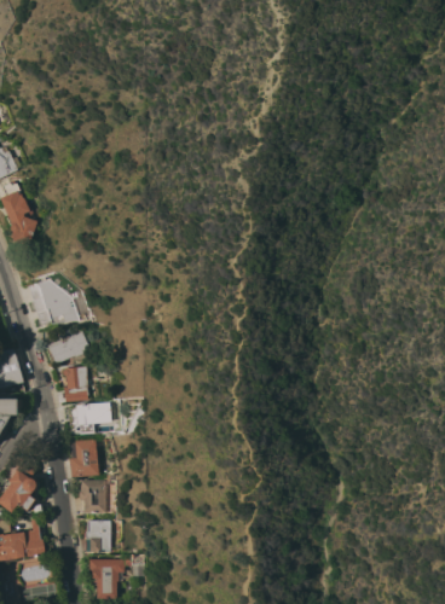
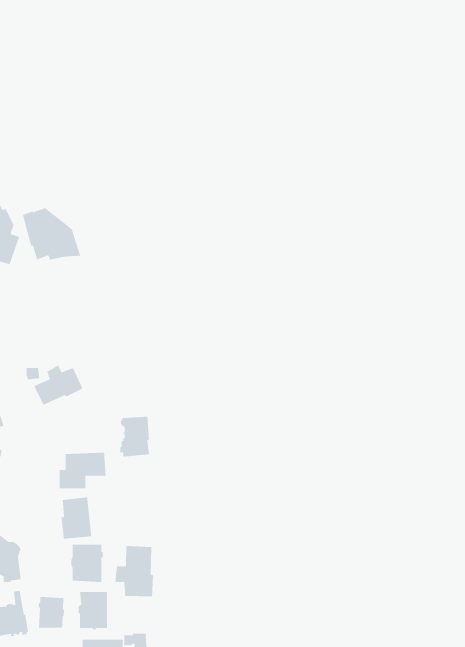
building: [30,279,80,324] -> [22,207,81,260]
building: [63,366,88,401] -> [120,416,150,458]
building: none -> [114,545,154,597]
building: none -> [38,596,65,628]

